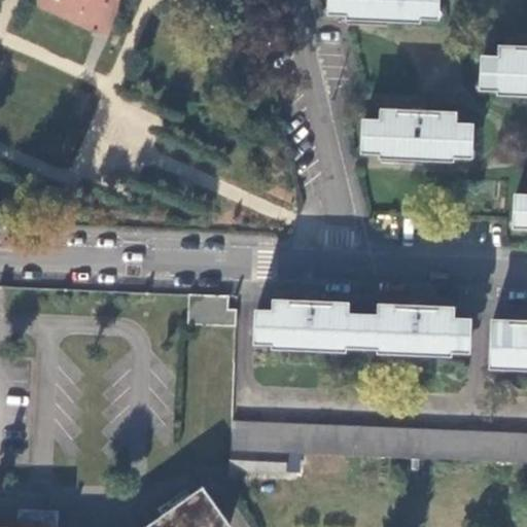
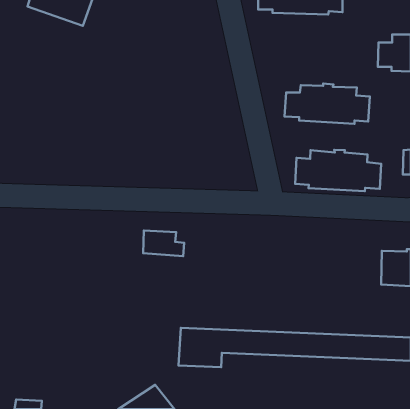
building: none -> [295,150,381,191]
building: [254,300,466,355] -> none

